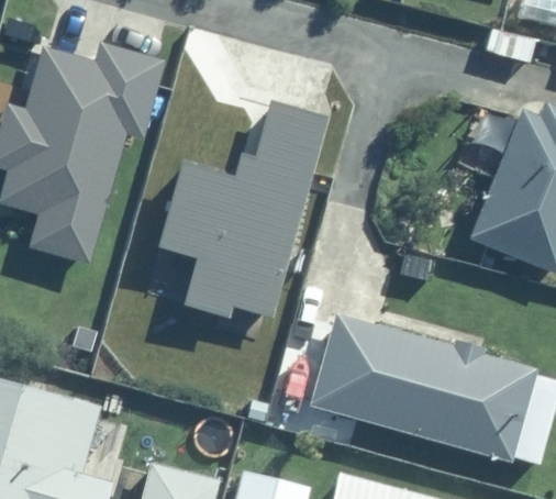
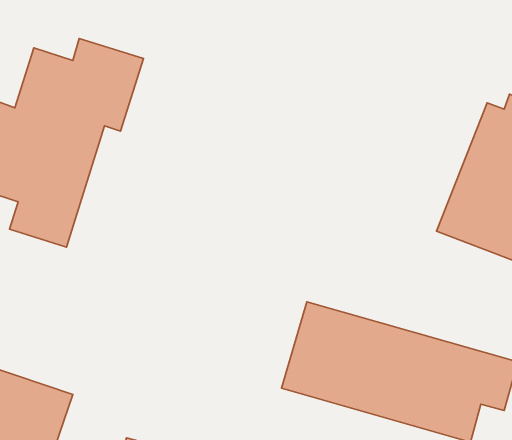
building: [166,103,320,317] -> none

